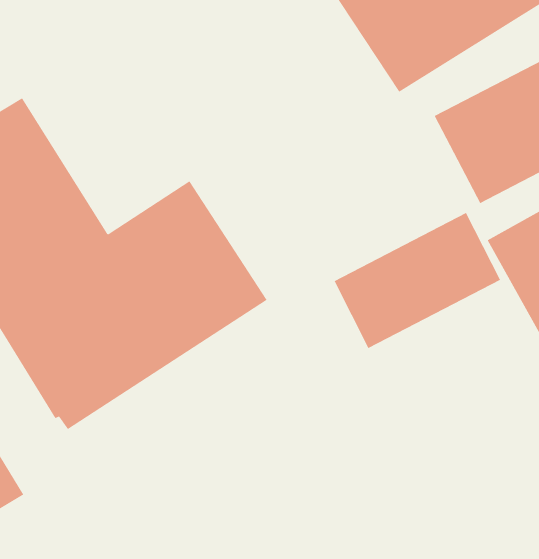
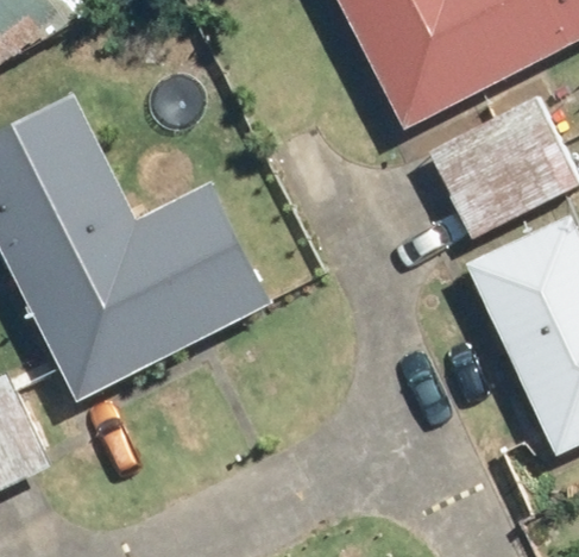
building: [334,212,501,349] -> none

